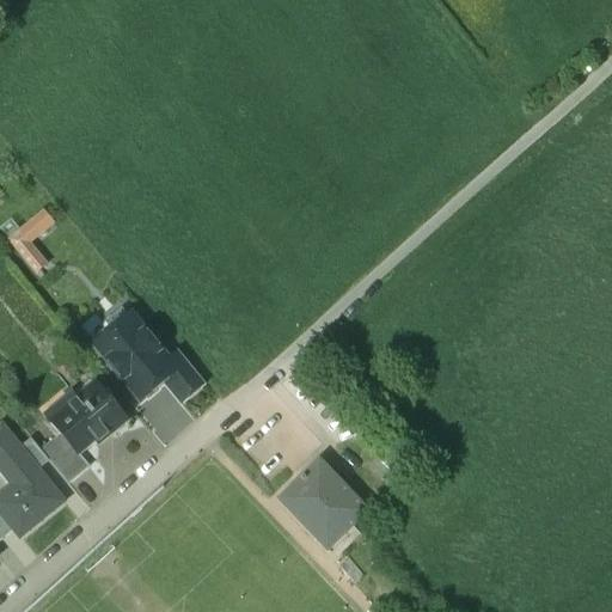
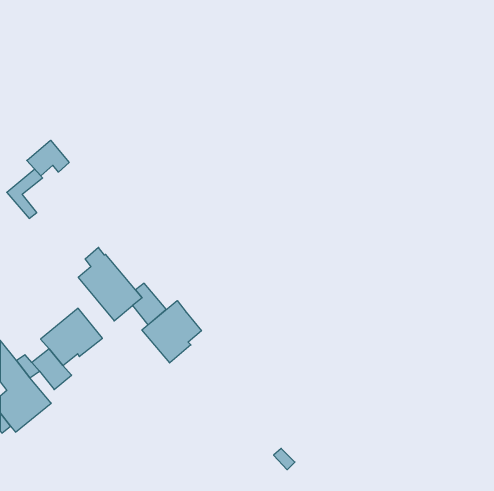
building: none -> [27,140,69,176]
building: none -> [142,301,201,363]
building: [284,458,366,539] -> none

